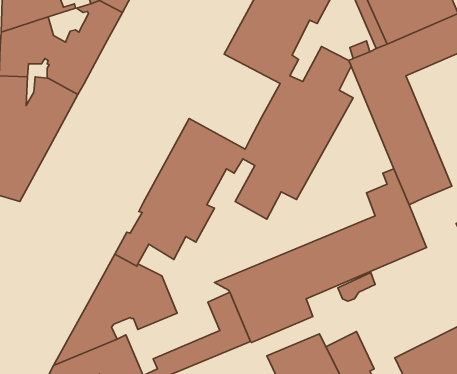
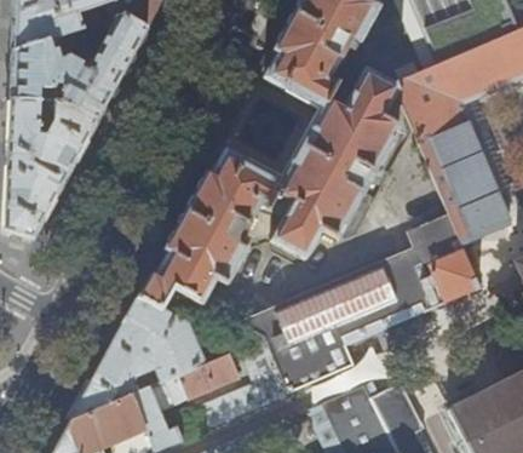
building: none -> [166,354,238,402]

